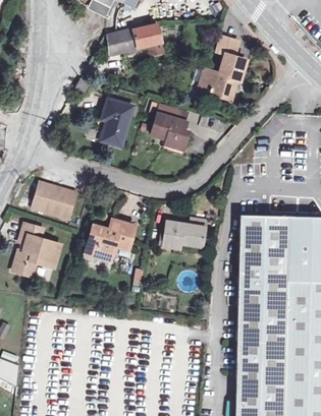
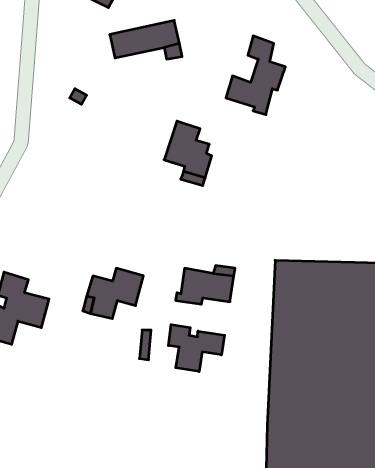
building: [104,99,132,145] -> none
building: [33,182,75,217] -> none
building: none -> [168,325,225,372]

